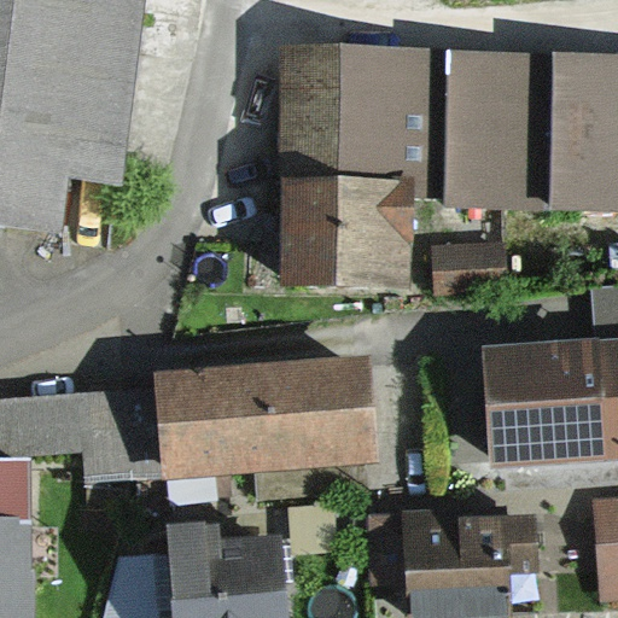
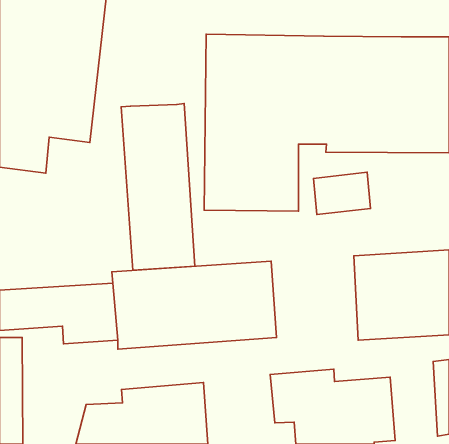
building: none -> [121,103,195,270]

